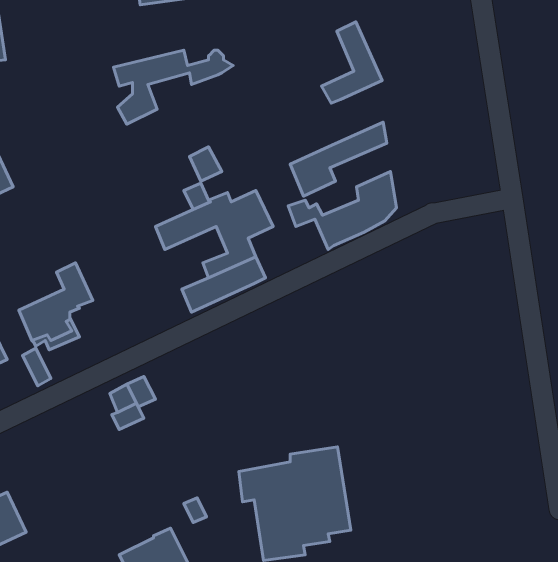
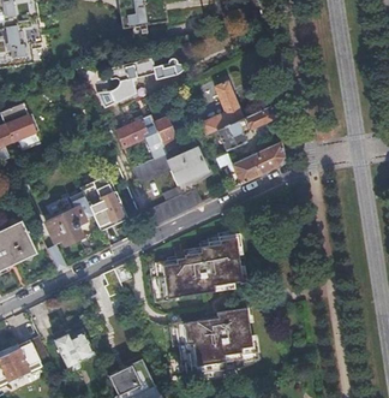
building: [322,22,382,103] -> [204,79,243,131]
building: none -> [115,115,151,147]
building: none -> [78,176,125,230]
building: none -> [161,227,241,297]
building: none -> [53,333,92,368]

